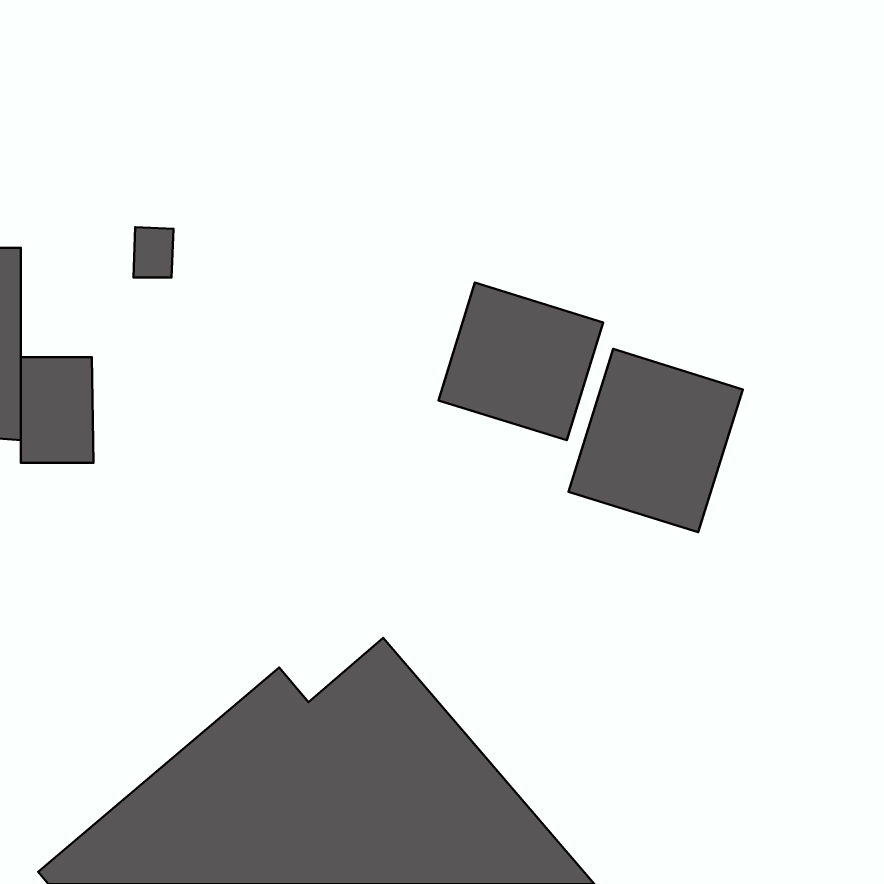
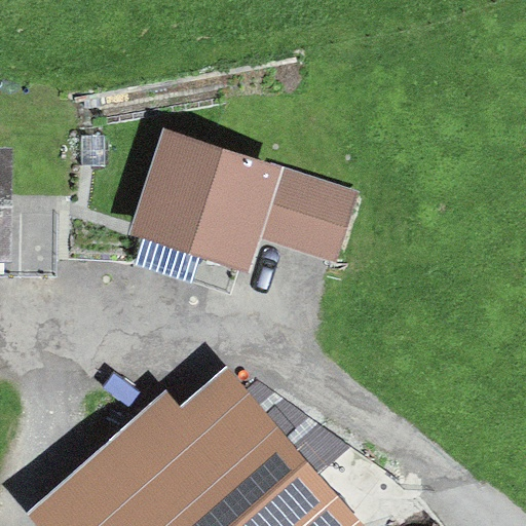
building: none -> [126,128,281,274]
building: [568,349,743,532] -> none

